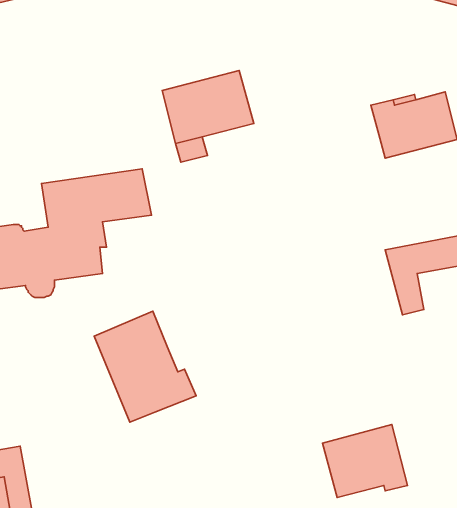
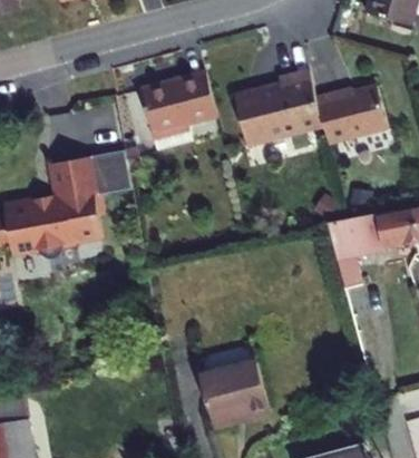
building: none -> [235,75,323,149]
building: [94,311,196,422] -> none
building: [323,424,408,497] -> [199,361,271,422]

